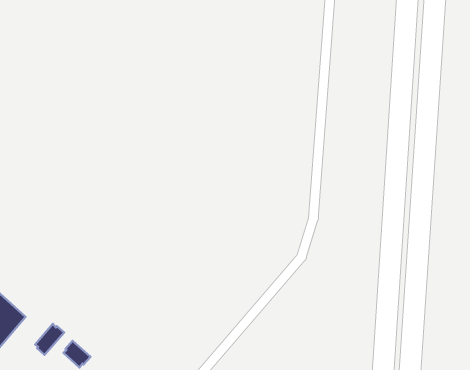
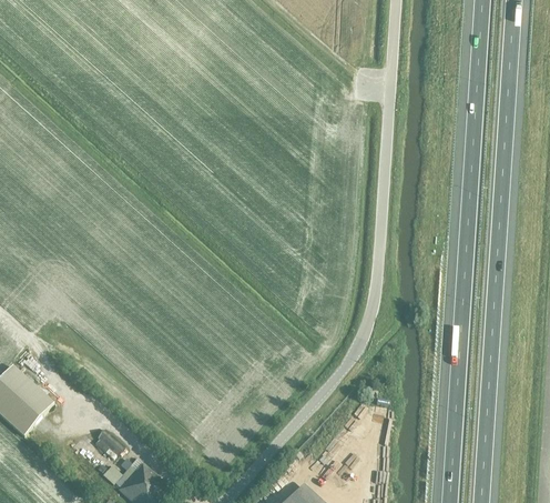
building: [35,324,64,355] -> none

